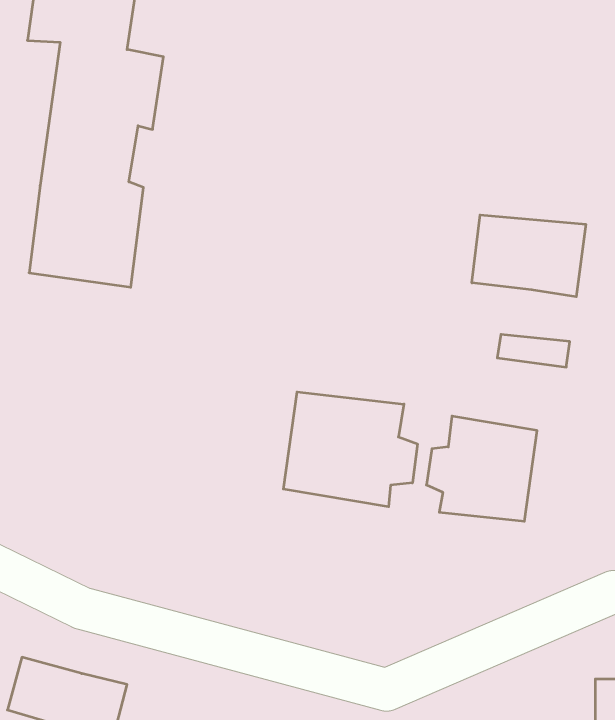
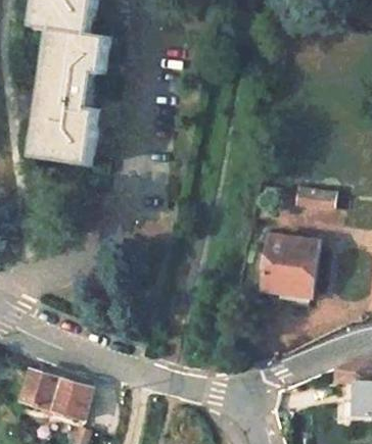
building: [472,215,586,297] -> none
building: [283,392,417,507] -> none

